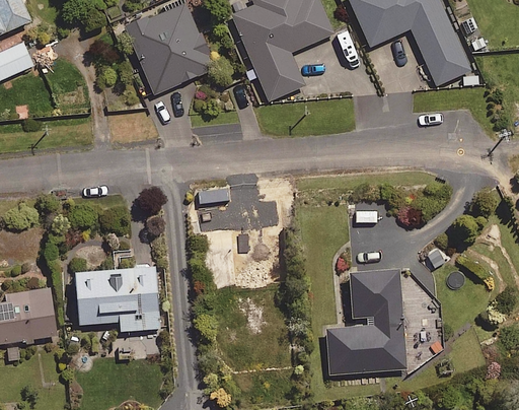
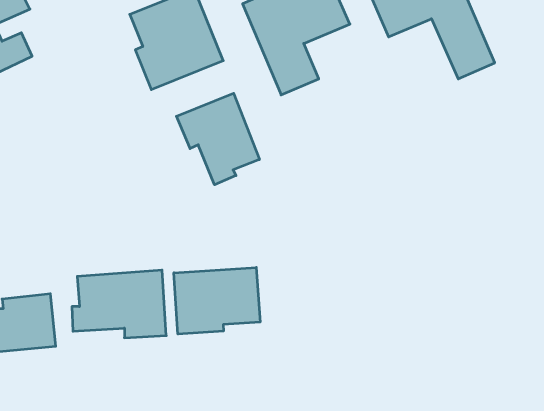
building: none -> [176,93,259,185]
building: none -> [174,267,260,334]
building: [326,270,407,374] -> none

